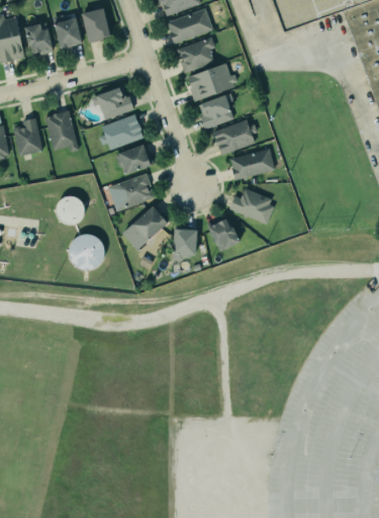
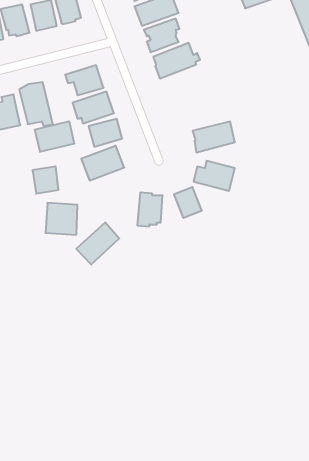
building: [198,92,233,128] -> none
building: [212,118,256,153] -> none
building: none -> [35,121,74,152]
building: [122,204,169,250] -> [76,222,119,265]

